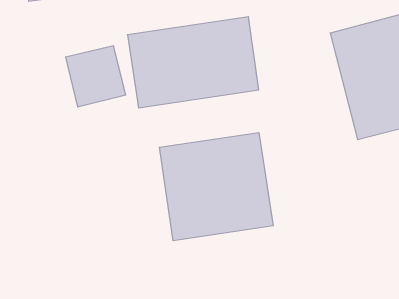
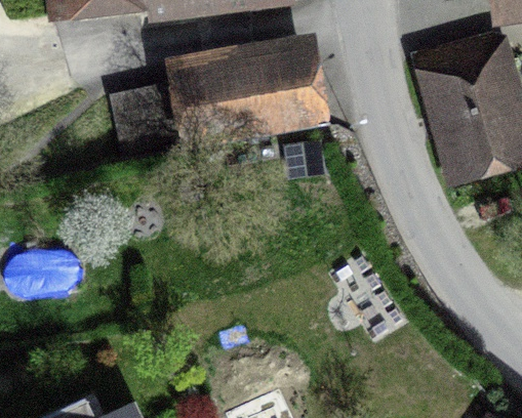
building: [159,133,273,241] -> none

